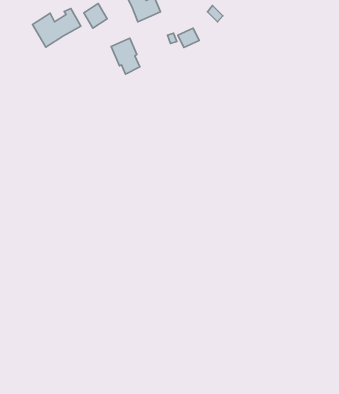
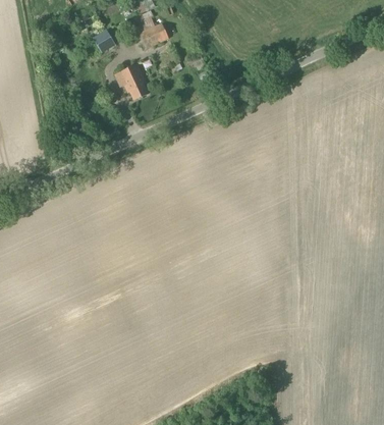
building: [33,8,81,47] -> none

